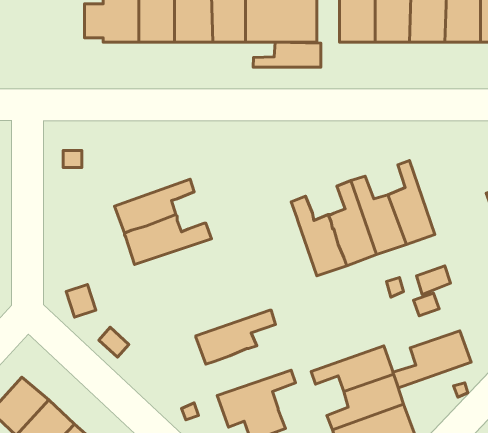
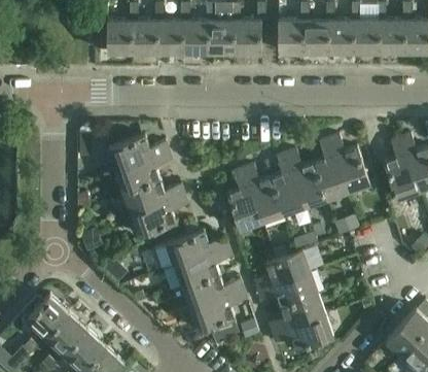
building: [253,42,321,67] -> none
building: none -> [107,136,170,172]
building: none -> [328,136,369,193]
building: none -> [226,169,261,231]
building: none -> [130,196,188,237]
building: none -> [153,231,227,270]
building: [393,331,471,388] -> [253,250,310,292]
building: none -> [181,273,243,309]

